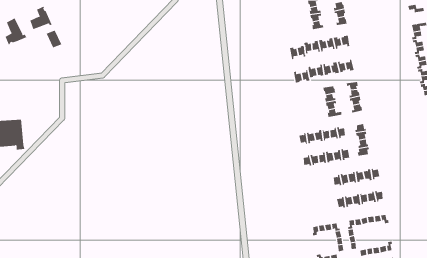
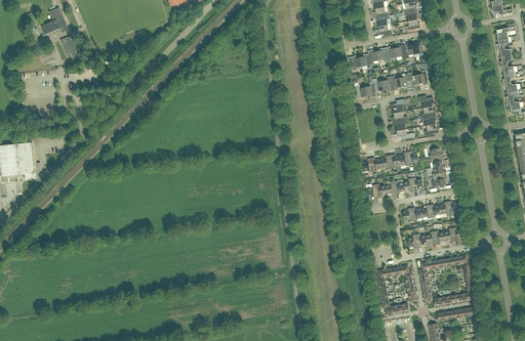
building: [5,18,27,45] -> none

